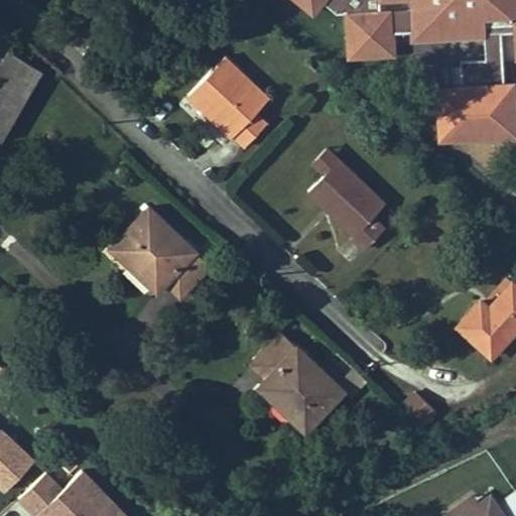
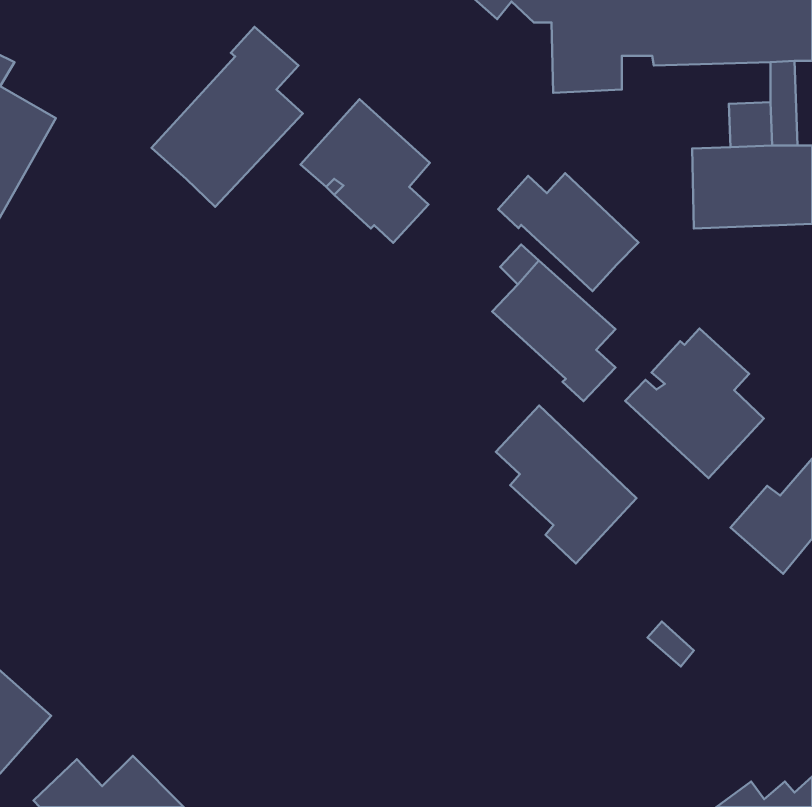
building: none -> [151,27,303,207]
building: none -> [498,173,638,291]
building: none -> [625,329,764,478]
building: [109,209,209,294] -> none
building: [256,335,345,434] -> [496,405,637,564]

